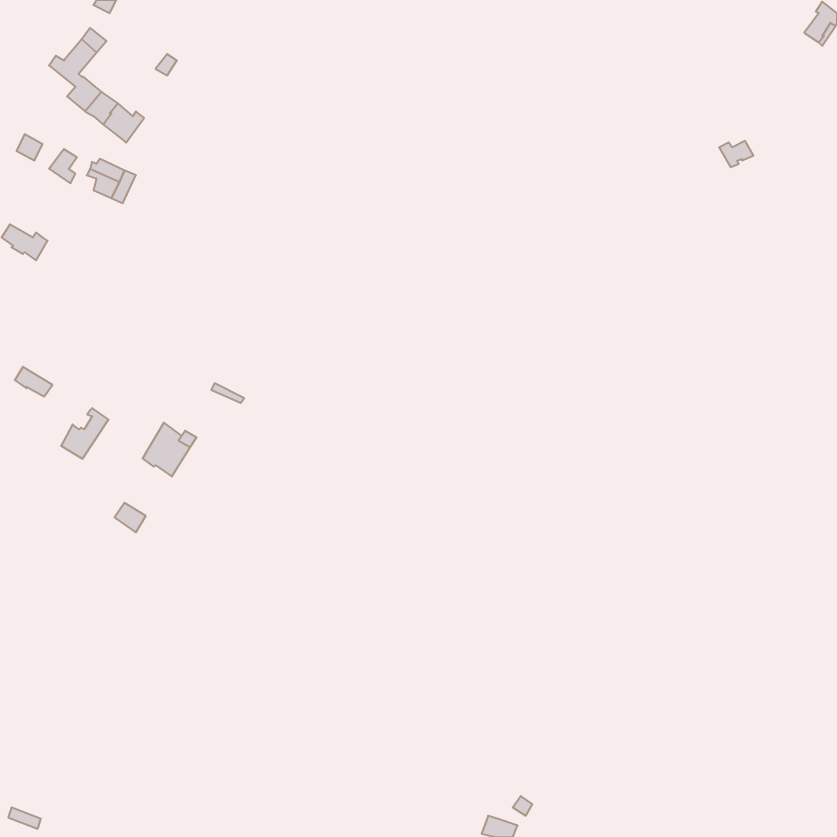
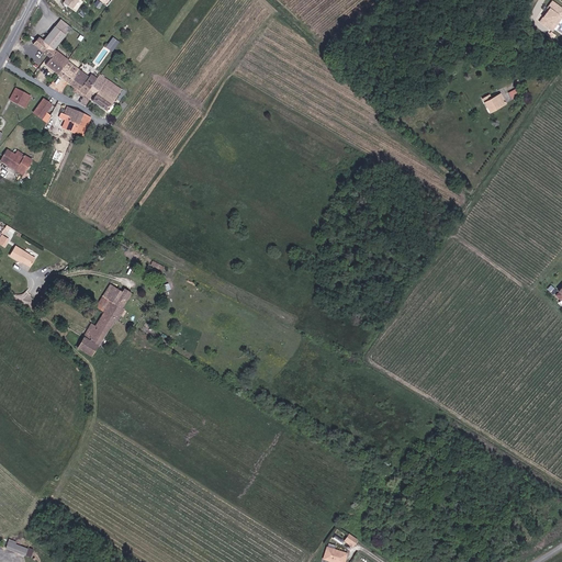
building: none -> [85,75,122,111]
building: [61,408,109,459] -> [83,312,115,346]

